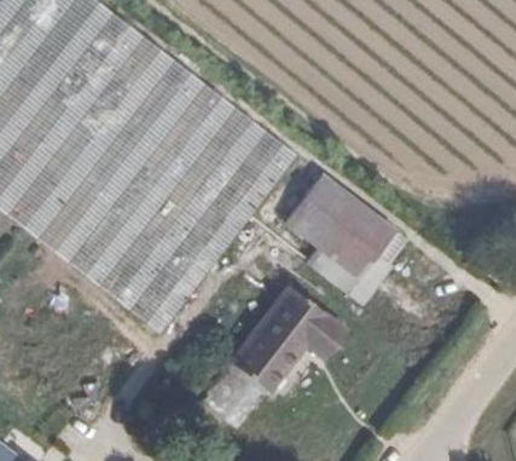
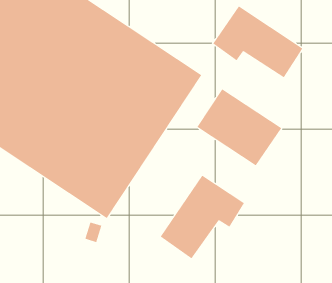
building: none -> [213,6,303,78]

